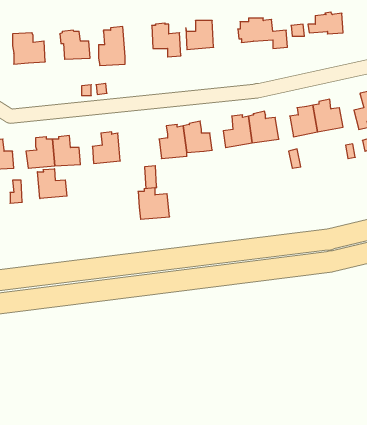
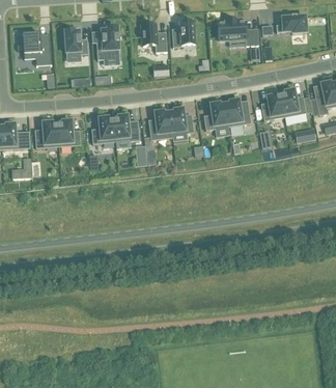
building: [37,169,67,199] -> none
building: [138,188,170,219] -> [113,114,140,141]

